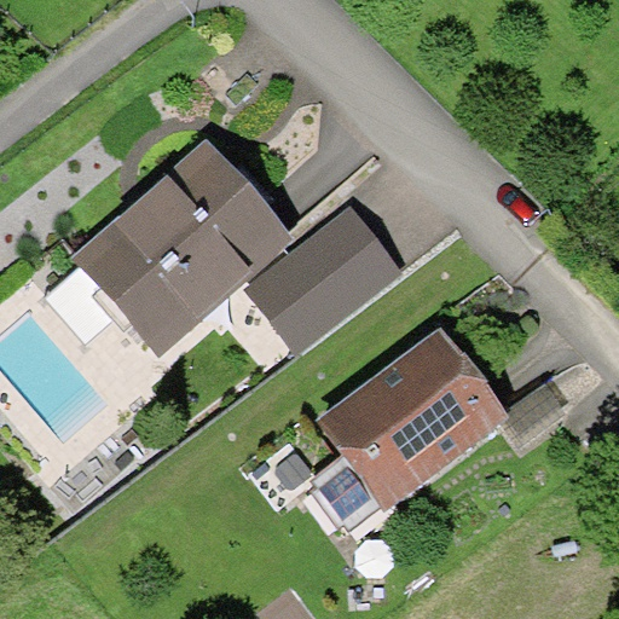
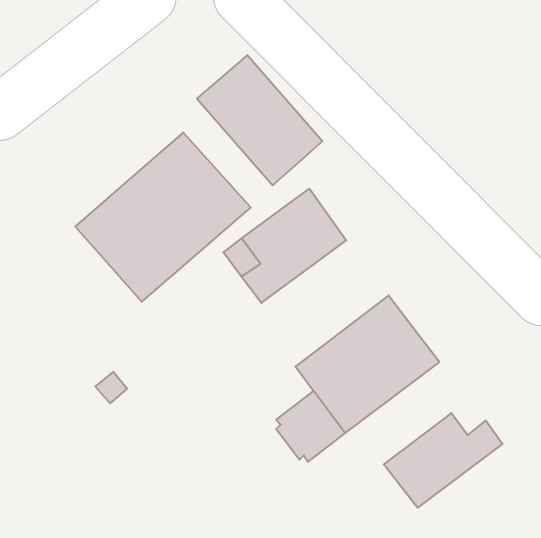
building: none -> [197,55,322,185]
building: none -> [384,413,503,508]

